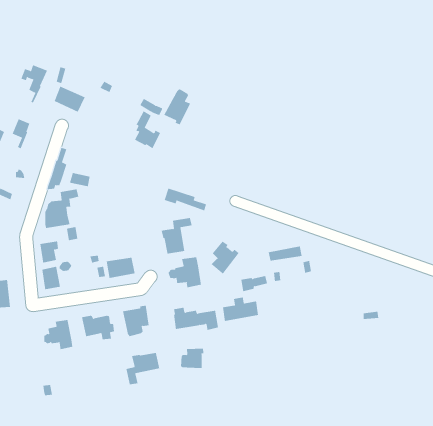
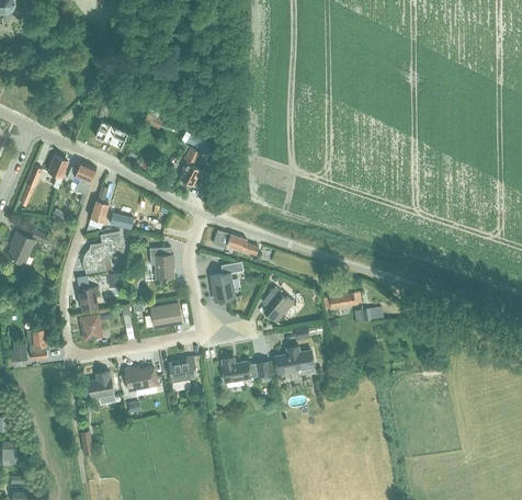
building: [20,64,48,103] -> [67,161,97,203]
building: [163,88,191,125] -> none
building: none -> [148,246,173,279]
building: [168,256,202,288] -> none
building: [180,348,204,369] -> none
building: [126,352,160,385] -> none

